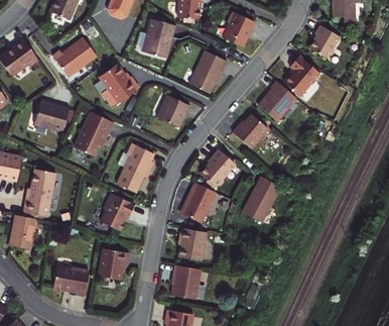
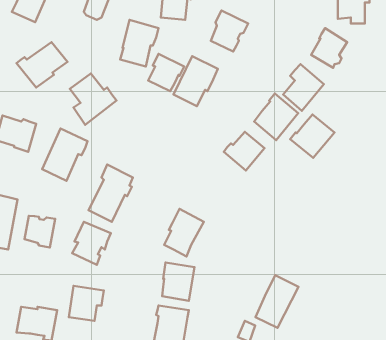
building: [159,95,190,127] -> [148,54,184,91]
building: none -> [290,115,334,158]
building: [201,148,236,187] -> none
building: [245,177,282,222] -> [256,275,299,328]
building: none -> [24,216,55,247]

